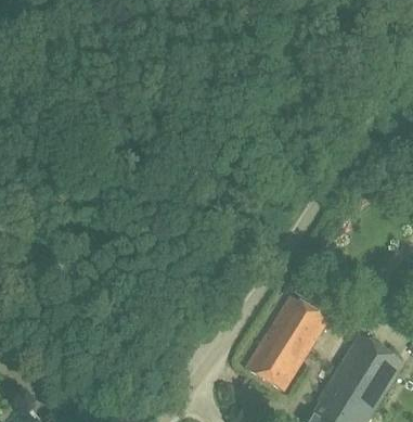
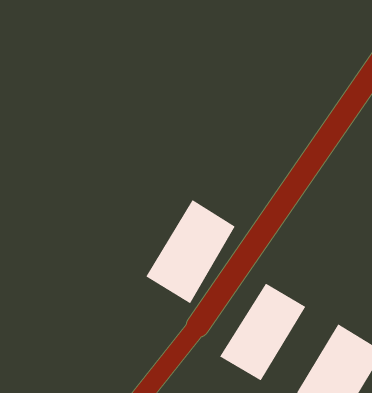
building: none -> [145,199,236,304]

